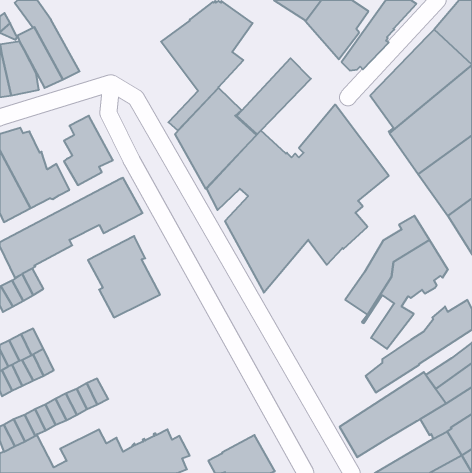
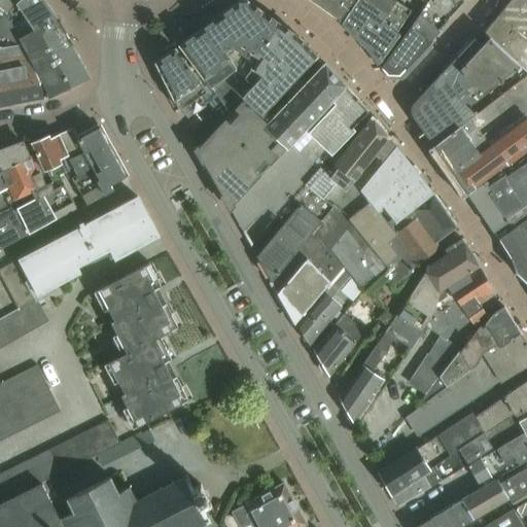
building: none -> [243,26,316,115]
building: none -> [155,49,206,114]
building: none -> [290,87,367,171]
building: none -> [32,132,82,188]
building: none -> [382,196,456,290]
building: none -> [293,267,351,346]
building: none -> [425,308,520,399]
building: none -> [314,316,363,377]
building: none -> [339,333,409,423]
building: none -> [108,337,188,427]

